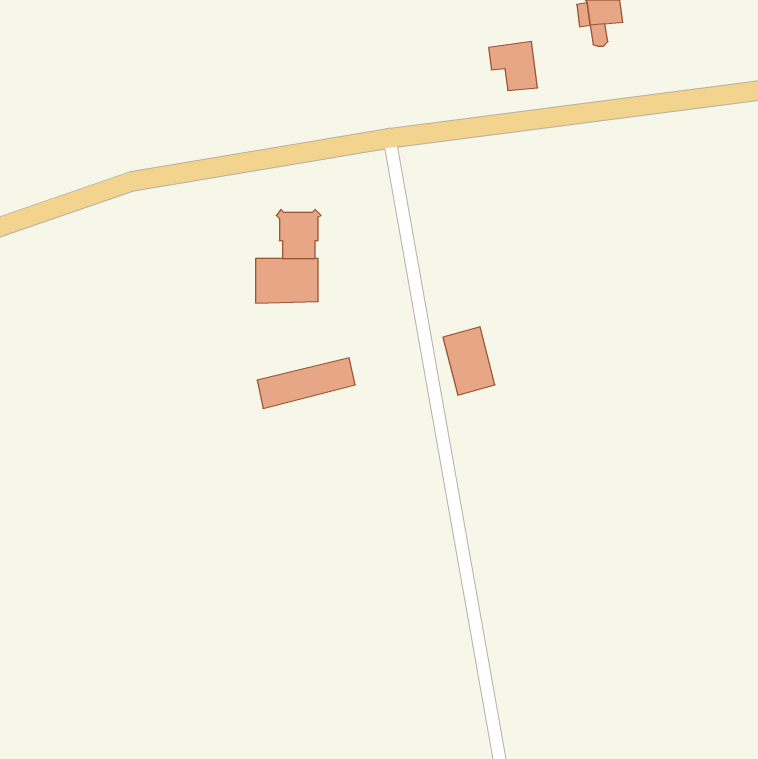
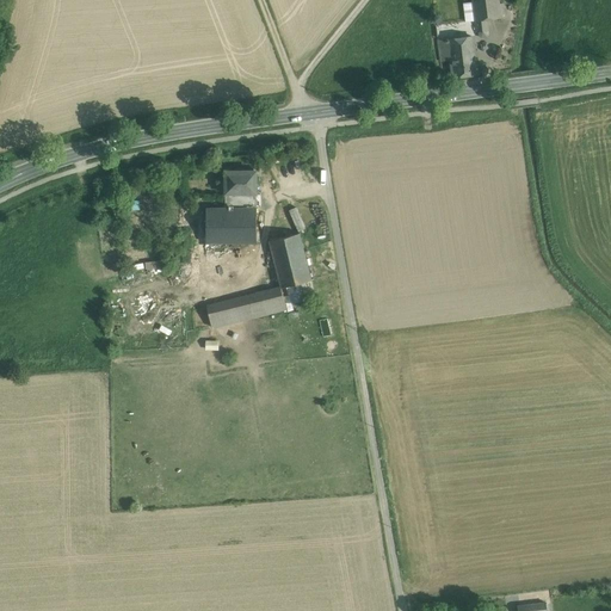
building: [489,42,538,91] -> [437,37,476,76]
building: [443,327,495,395] -> [269,233,310,288]

